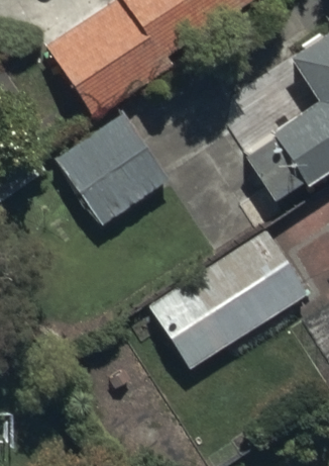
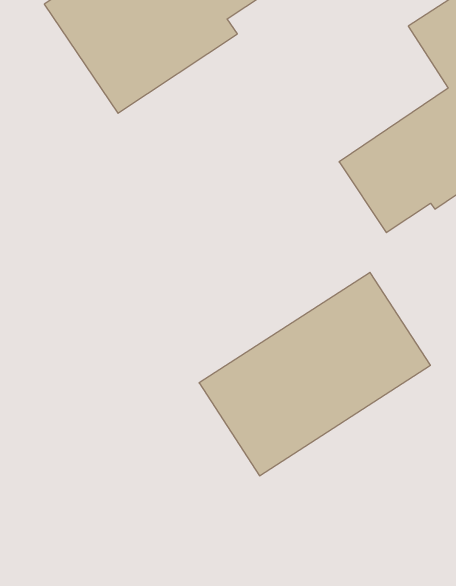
building: [54,108,172,226] -> none

